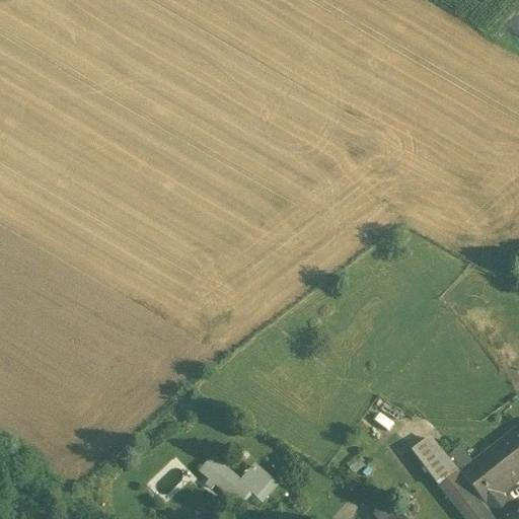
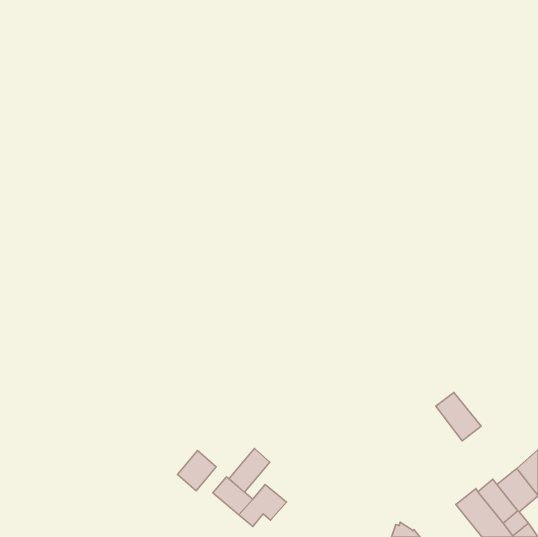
building: none -> [229,449,270,492]
building: none -> [178,451,216,491]
building: [414,439,457,486] -> [436,393,481,441]

